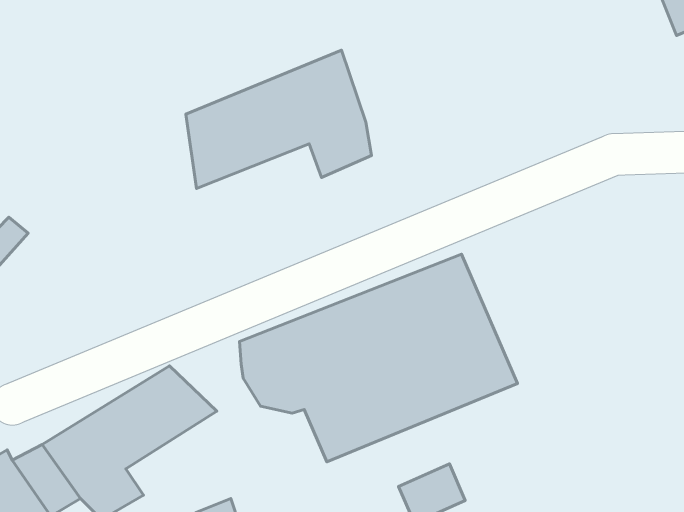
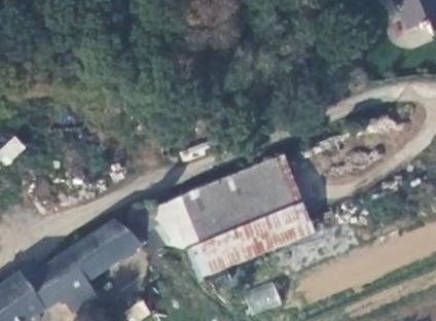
building: [186,50,371,188] -> none

